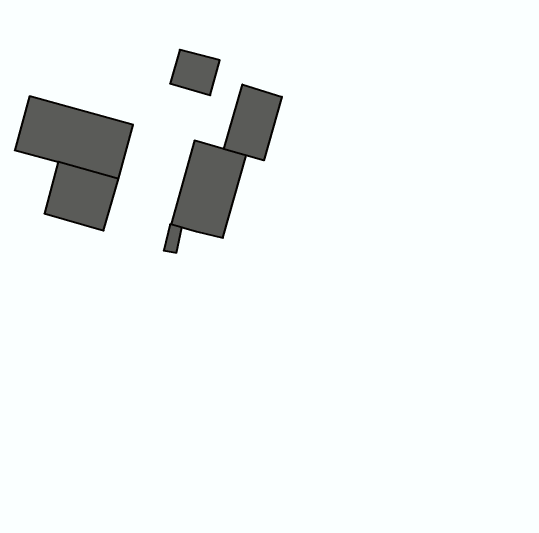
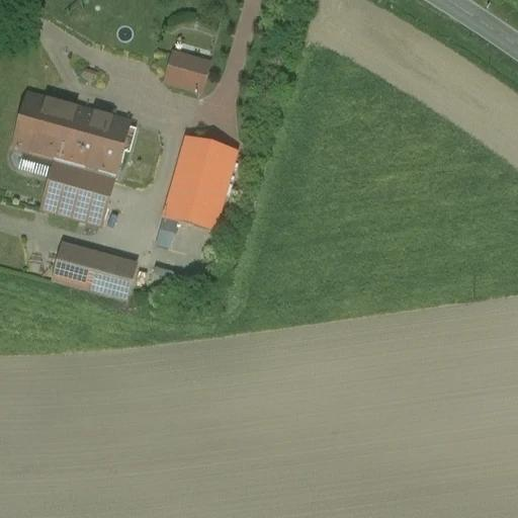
building: [224,84,282,160] -> none
building: none -> [55,243,135,296]

